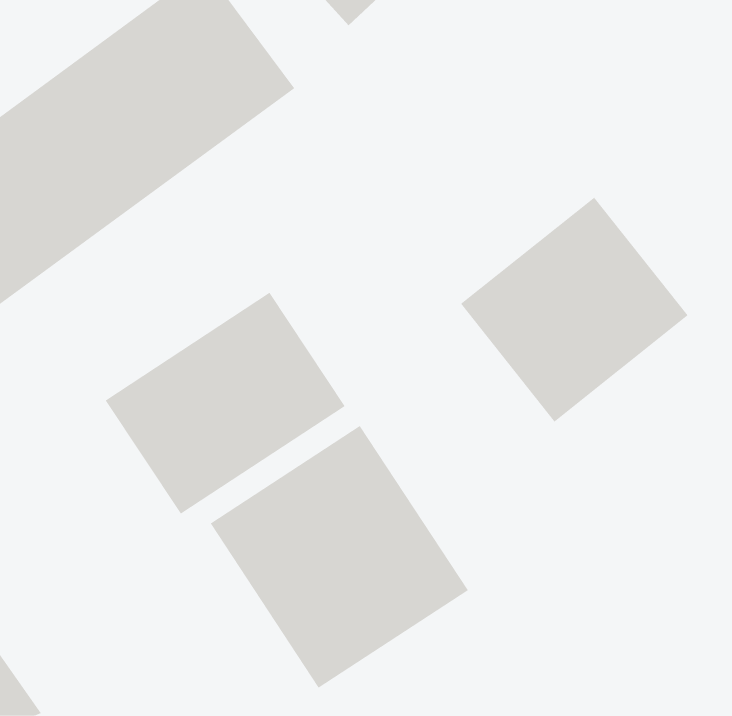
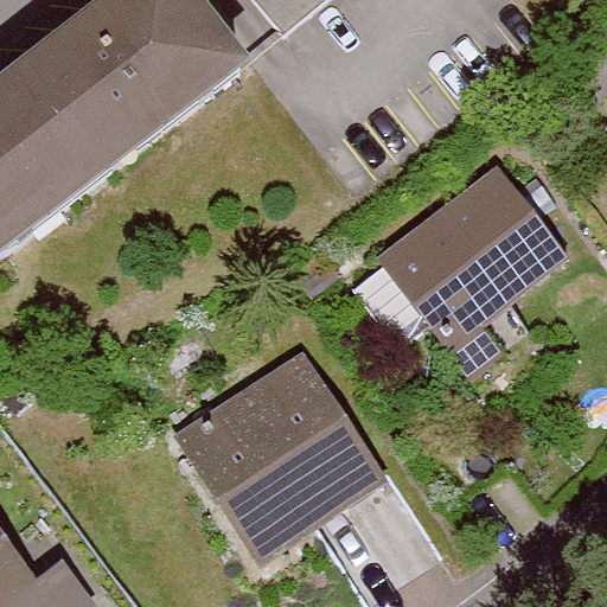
building: [105,292,345,515] -> none

